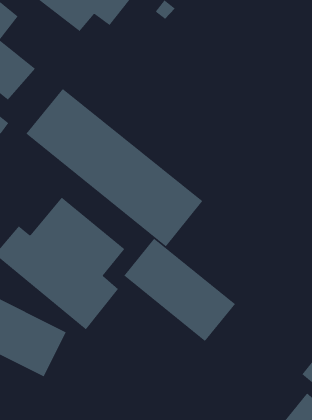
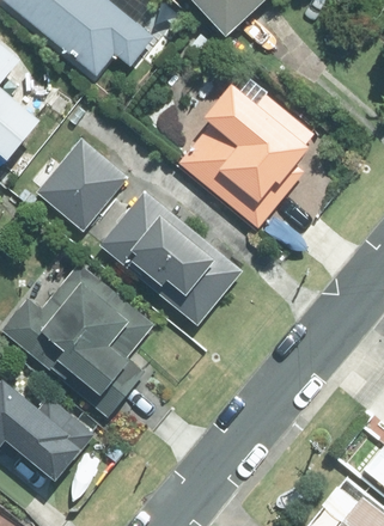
building: none -> [176,78,312,227]
building: [123,238,236,342] -> none

